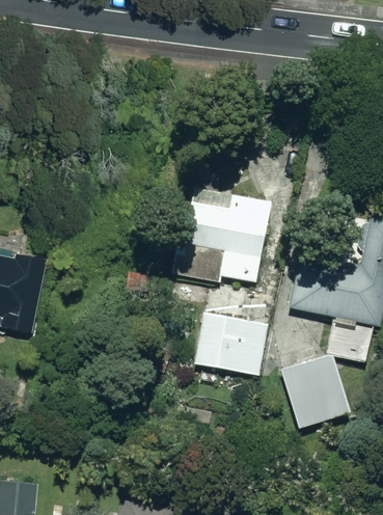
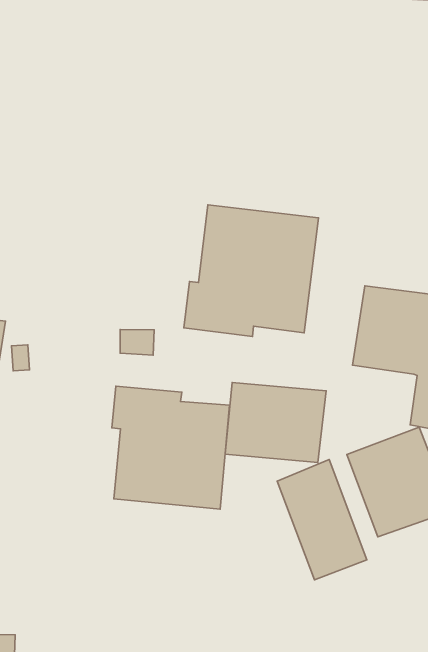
building: none -> [112,386,230,509]
building: none -> [277,459,367,580]

